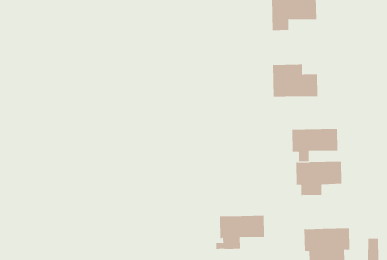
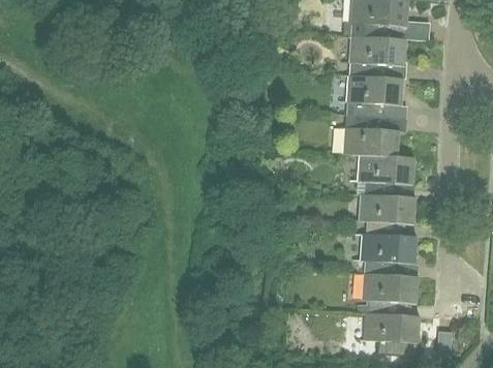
building: none -> [346,73,403,116]
building: none -> [357,153,413,193]
building: [215,215,265,250] -> [357,272,419,313]

